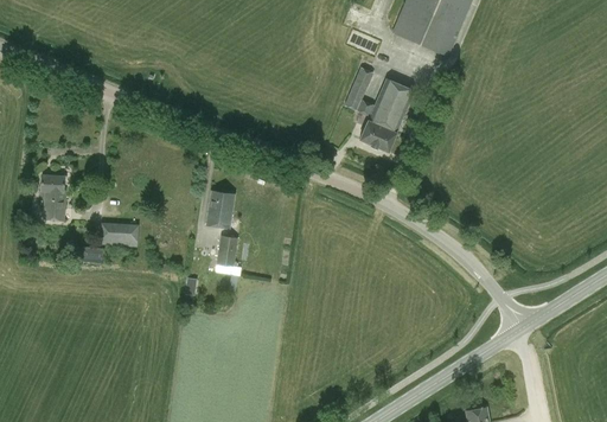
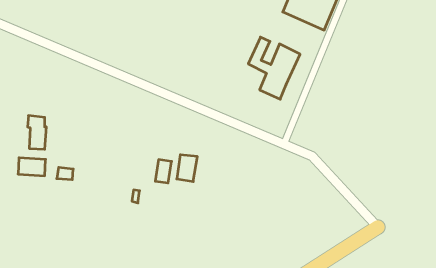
building: [206,190,235,226] -> [177,155,197,182]
building: [100,220,138,245] -> [18,158,46,176]

